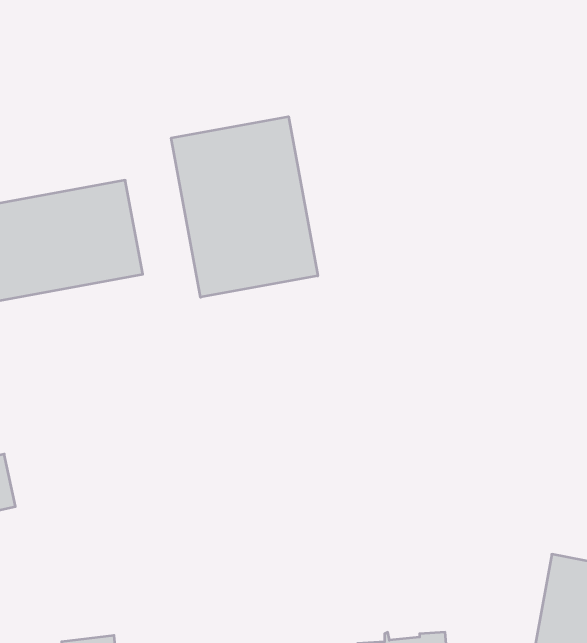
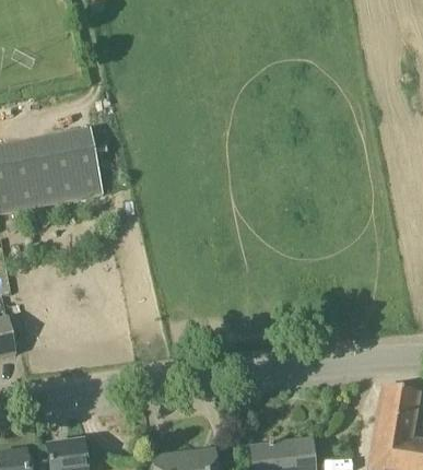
building: [171,117,318,297] -> none

